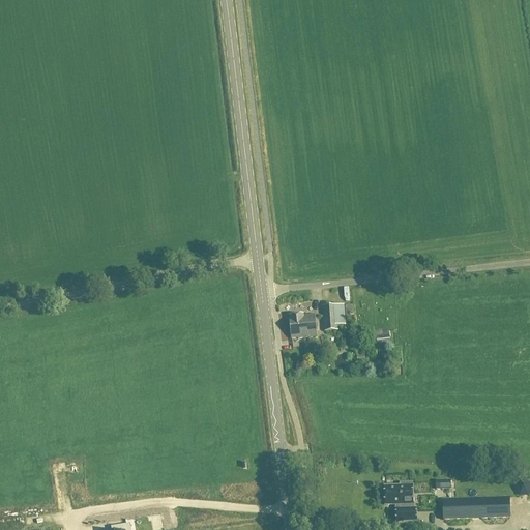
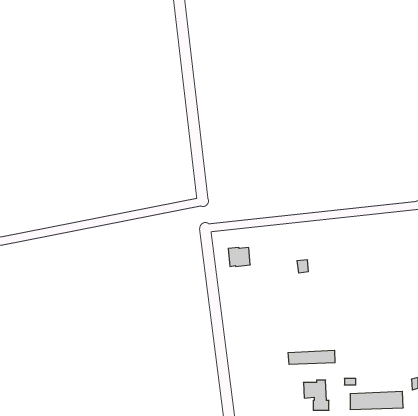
building: [323,303,345,330] -> none
building: none -> [288,350,335,364]

